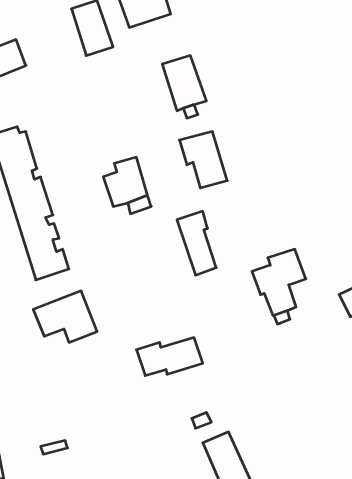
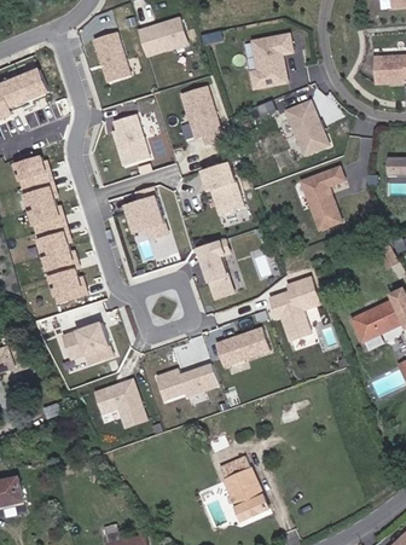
building: none -> [253,34,292,87]
building: none -> [286,100,330,155]
building: none -> [106,112,150,167]
building: none -> [294,166,344,228]
building: none -> [213,325,268,366]
building: none -> [91,375,146,428]

